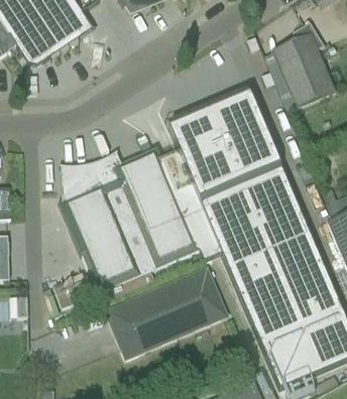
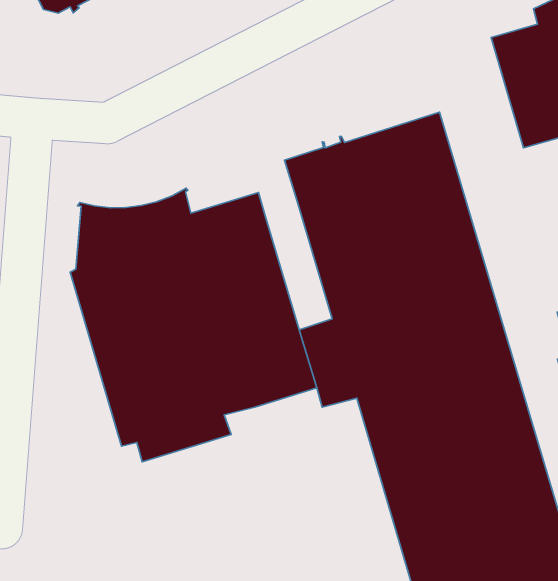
building: [105,267,228,358] -> none

